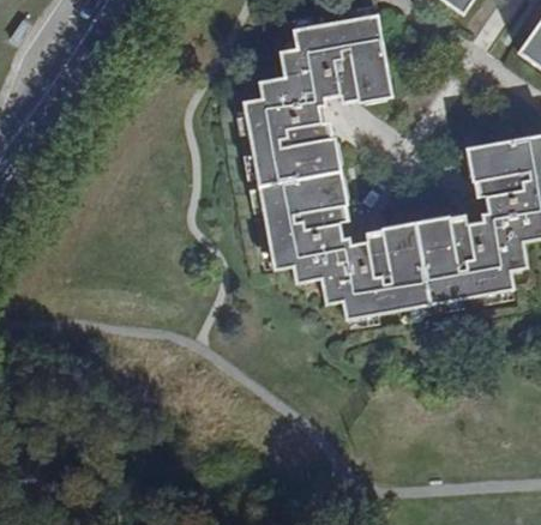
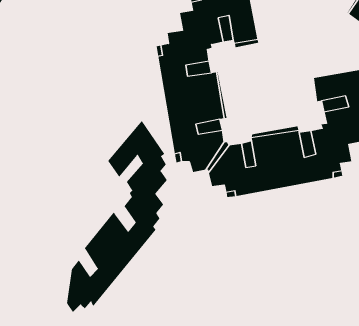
building: none -> [67,120,167,313]

